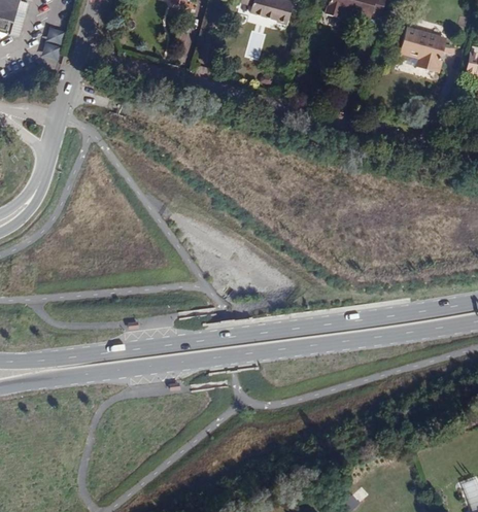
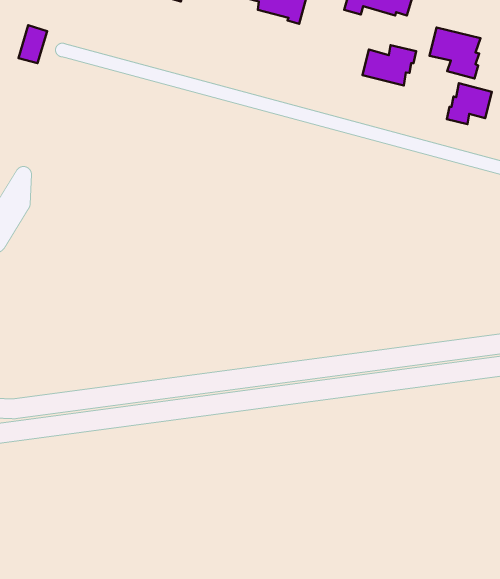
building: none -> [362,45,416,86]
building: none -> [447,83,492,124]

